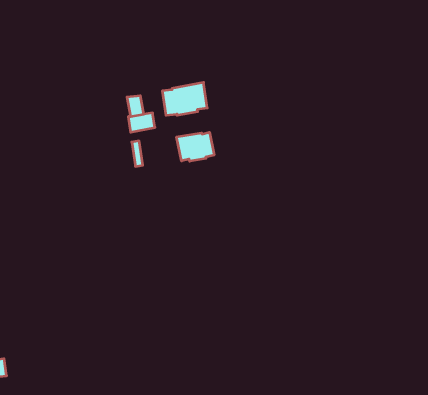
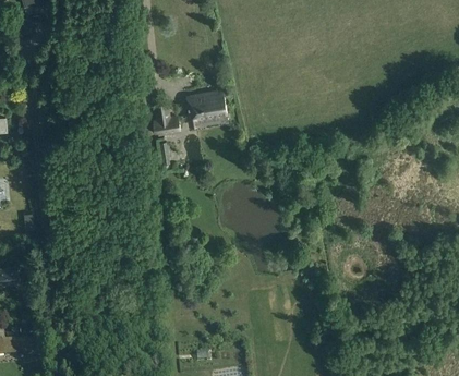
building: [177,132,214,161] -> none

